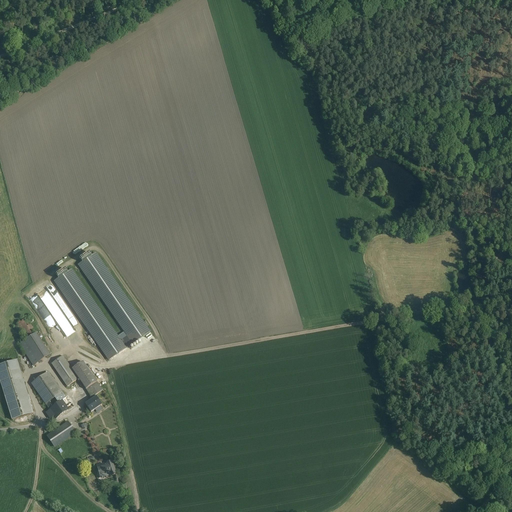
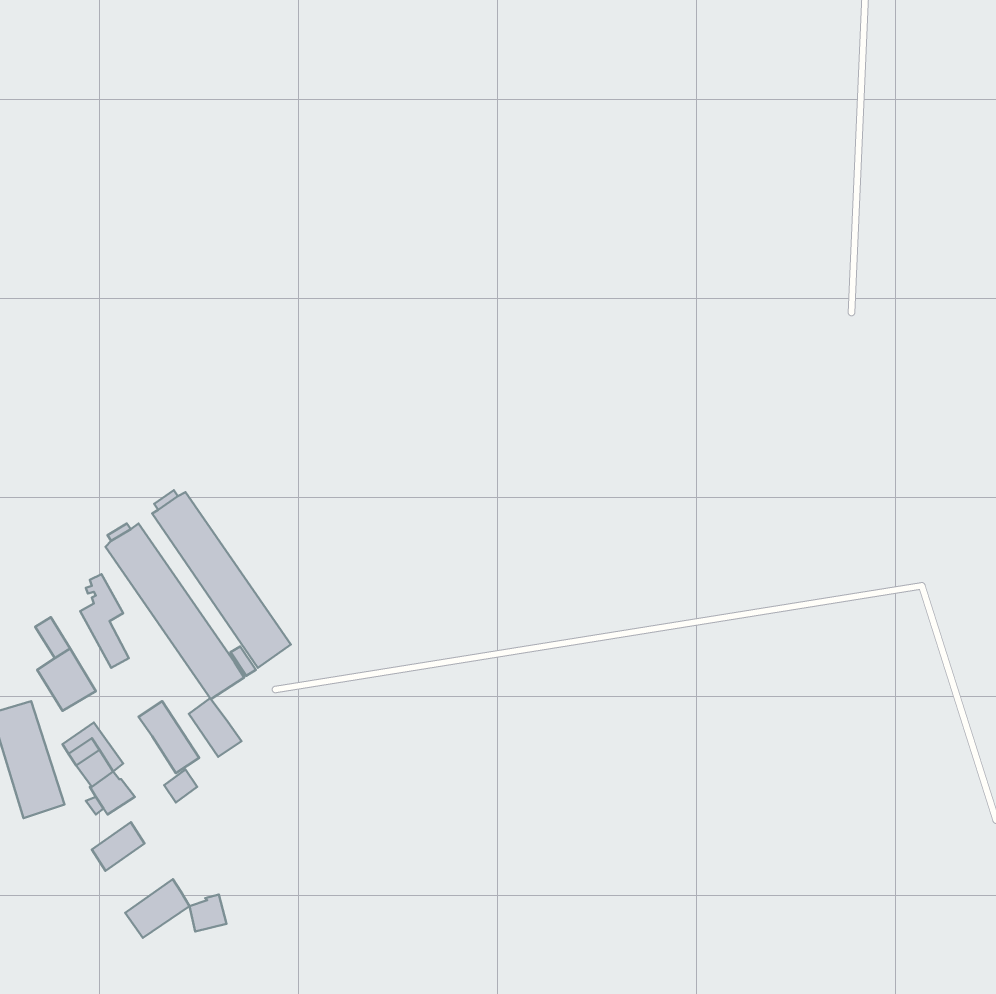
building: [51,355,78,385] -> [189,698,242,757]
building: none -> [125,879,189,938]

